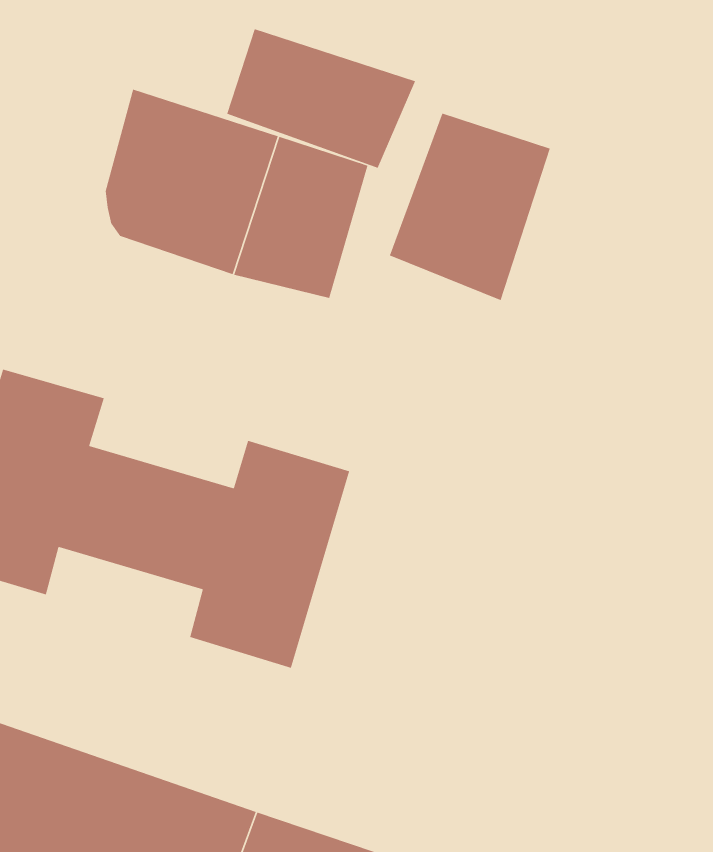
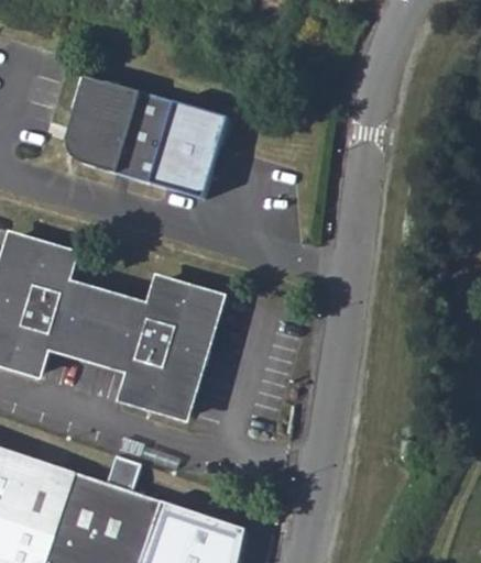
building: [226,28,416,169] -> none
building: [389,113,551,301] -> none

